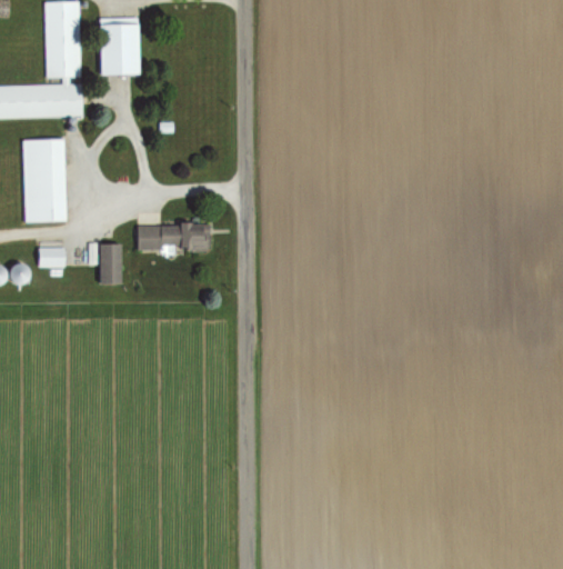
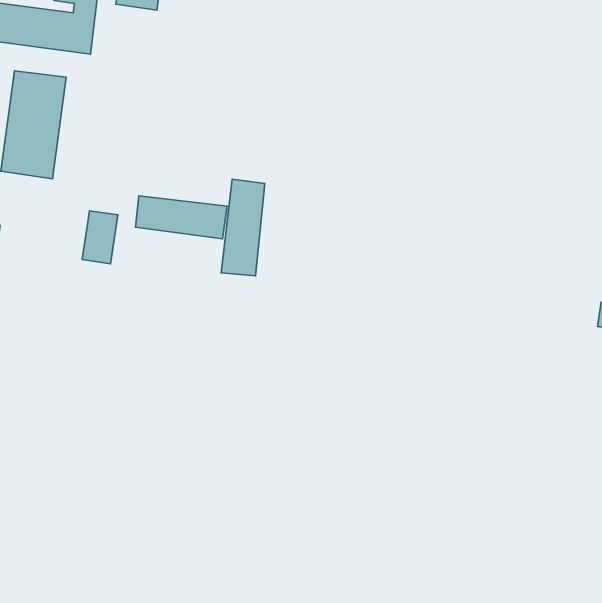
building: none -> [221,179,265,276]
building: [39,247,66,267] -> none

